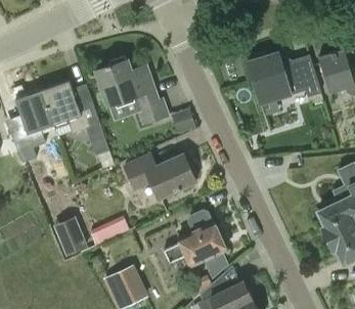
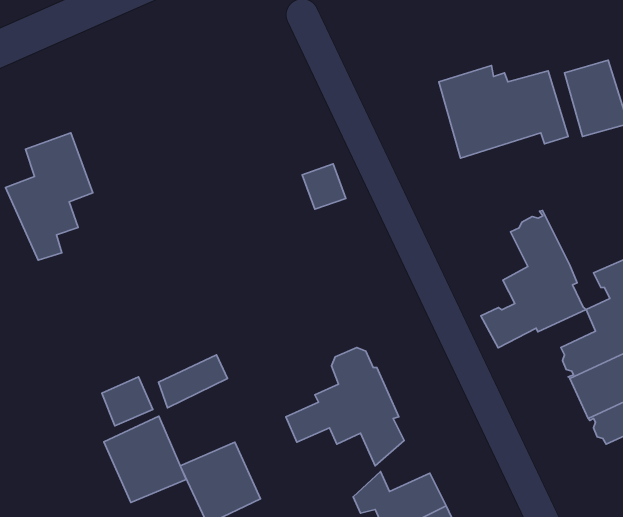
building: [95,59,169,124] -> none
building: [42,81,108,156] -> none
building: none -> [481,211,586,348]
building: [125,154,196,198] -> none
building: none -> [104,416,186,502]

